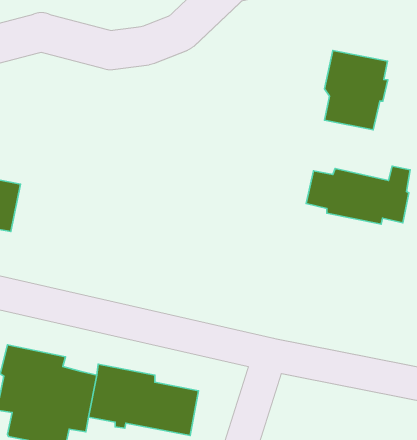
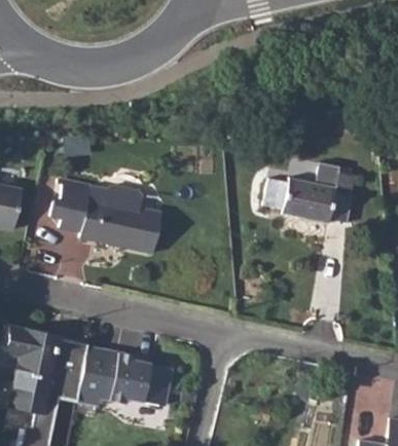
building: [325,50,388,130] -> none
building: none -> [50,180,162,254]

